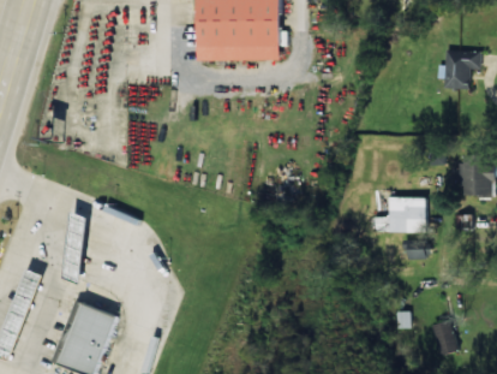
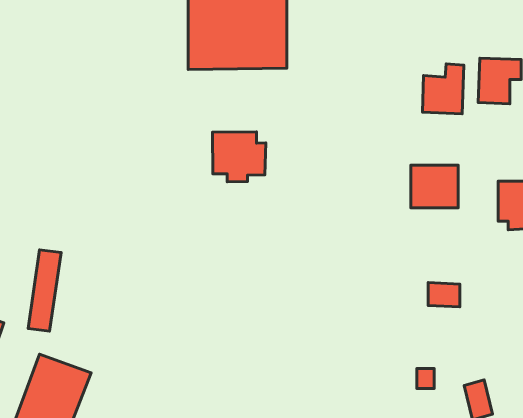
building: none -> [422,64,464,114]
building: none -> [212,132,266,182]
building: [385,197,425,233] -> [411,165,458,208]

